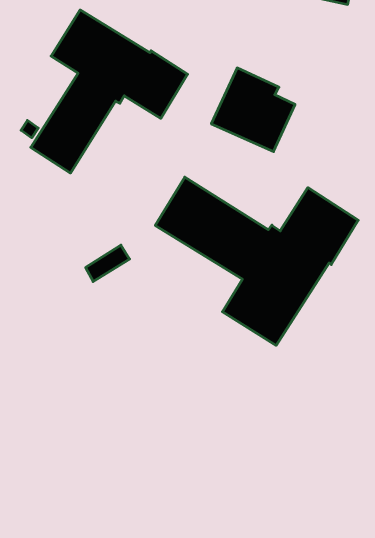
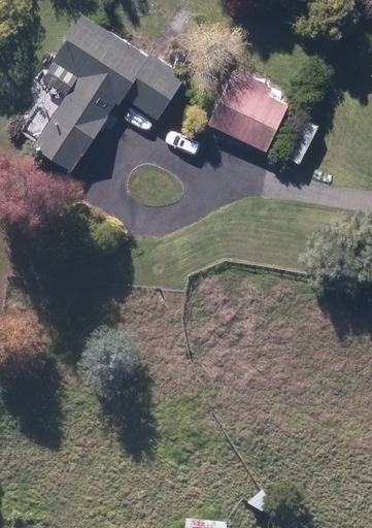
building: [155,177,358,345] -> none

